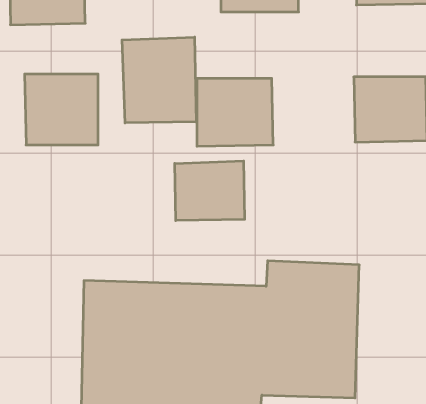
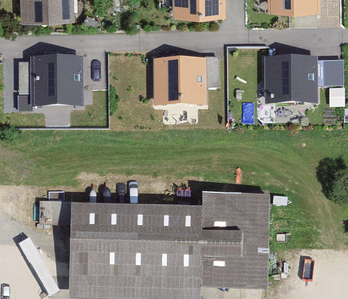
building: [122,37,196,123] -> none
building: [175,161,245,221] -> none

